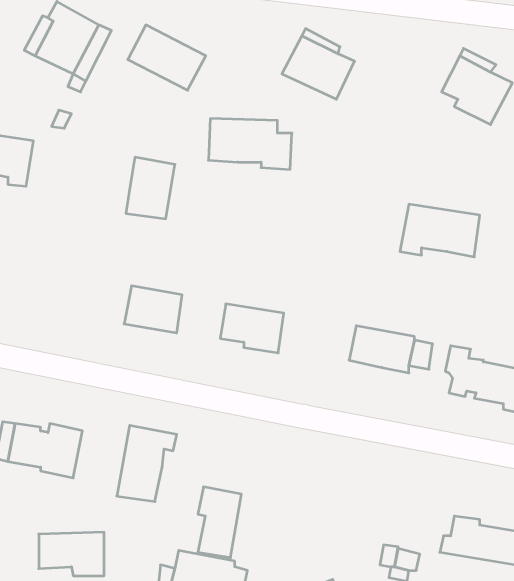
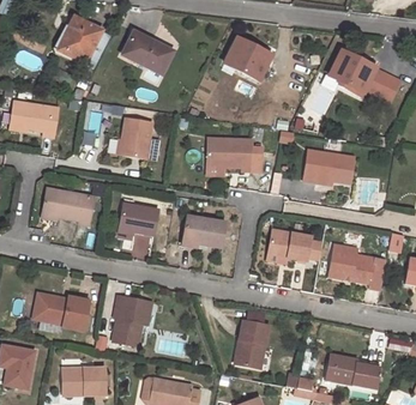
building: [208,119,292,169] -> [205,139,260,173]
building: none -> [42,188,94,225]
building: [198,487,241,558] -> [240,320,269,367]

